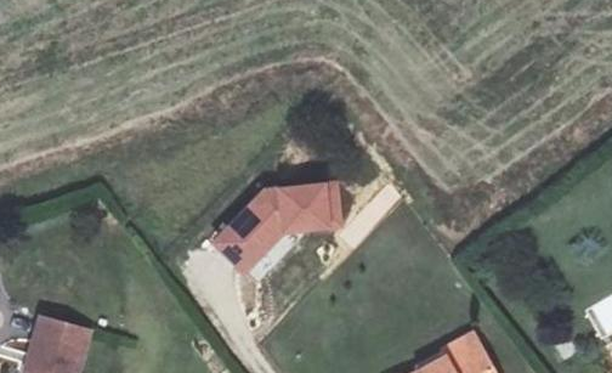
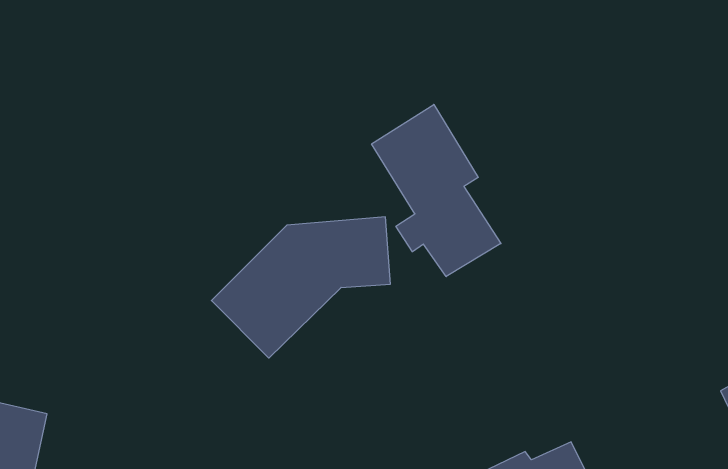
building: none -> [372,104,501,277]

